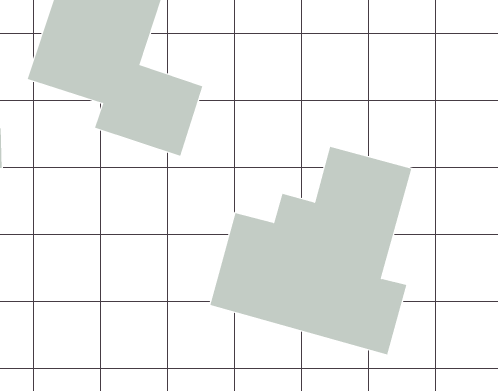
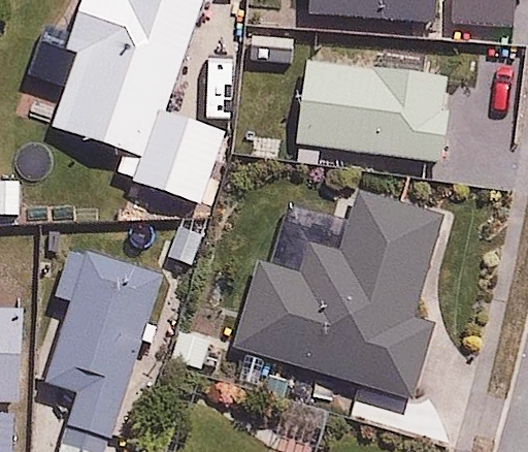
building: none -> [297,58,457,163]
building: none -> [39,247,159,435]

